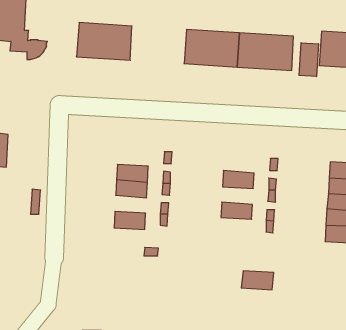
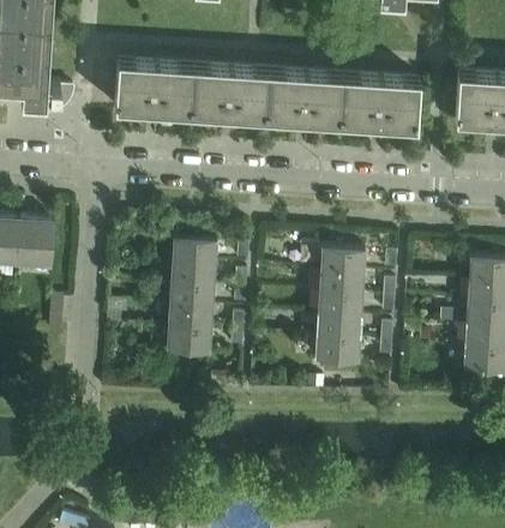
building: none -> [190,71,269,124]
building: [299,43,318,77] -> none
building: none -> [16,223,53,271]
building: none -> [172,242,216,268]
building: none -> [320,252,365,277]
building: none -> [318,296,362,322]
building: none -> [168,308,212,334]
building: [241,271,274,290] -> [314,340,360,366]

